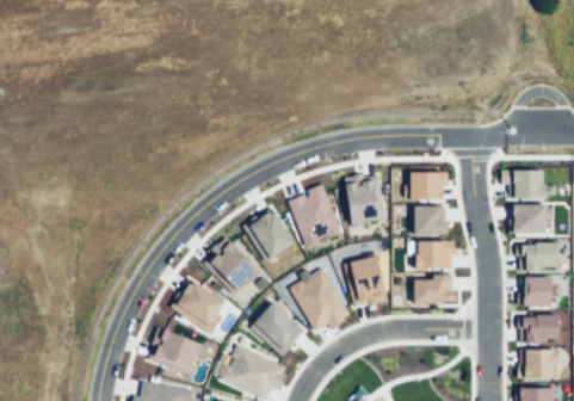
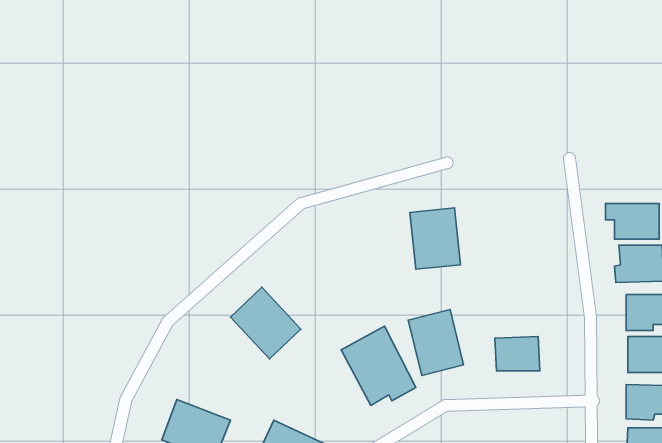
building: [406,172,445,200] -> none
building: [289,186,342,247] -> none
building: [415,205,444,236] -> none
building: [245,208,295,261] -> none
building: [418,241,455,270] -> none
building: [172,278,227,331] -> none
building: [251,302,305,356] -> none

